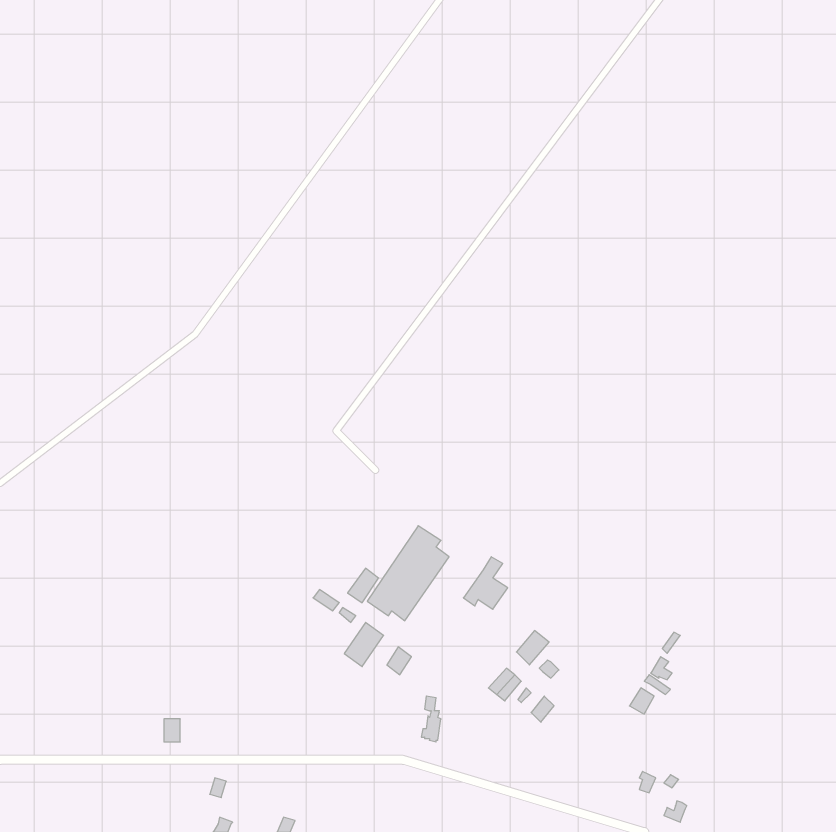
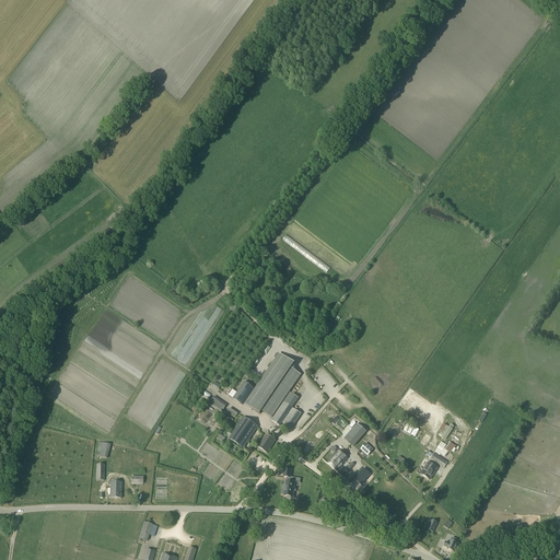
building: [463,557,508,609] -> [272,390,302,425]

